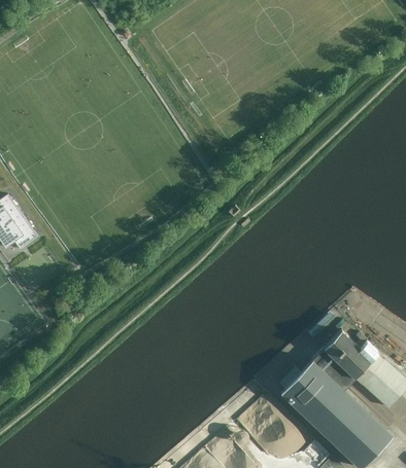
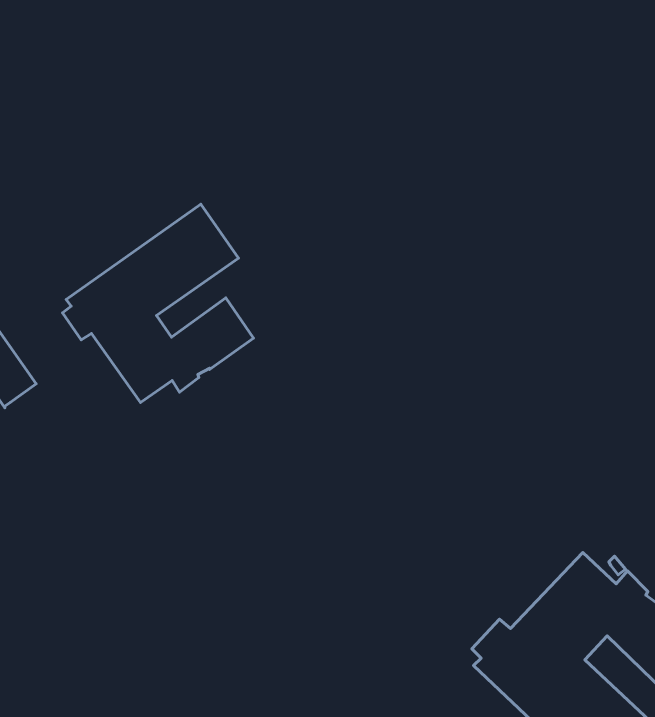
building: none -> [62,204,253,403]

